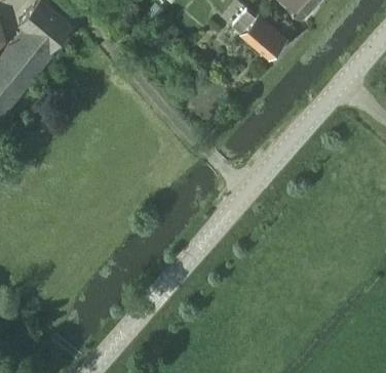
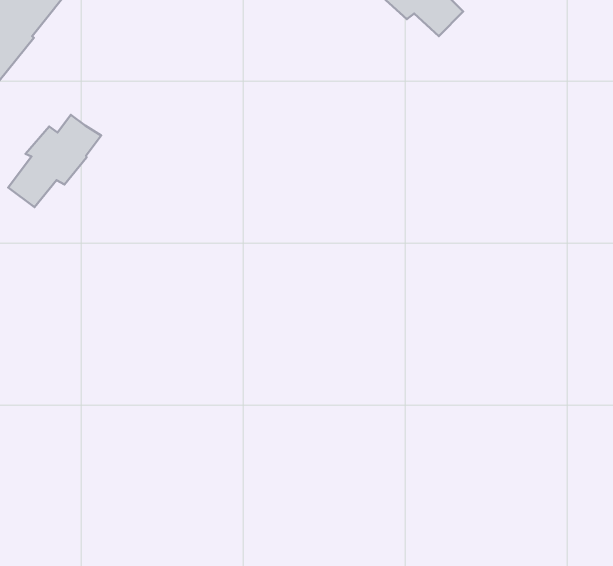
building: none -> [8,115,101,207]

